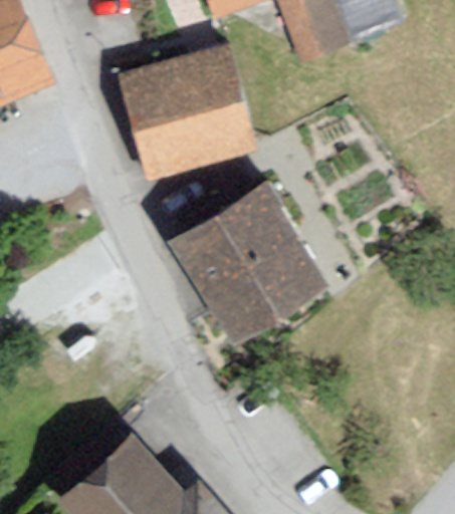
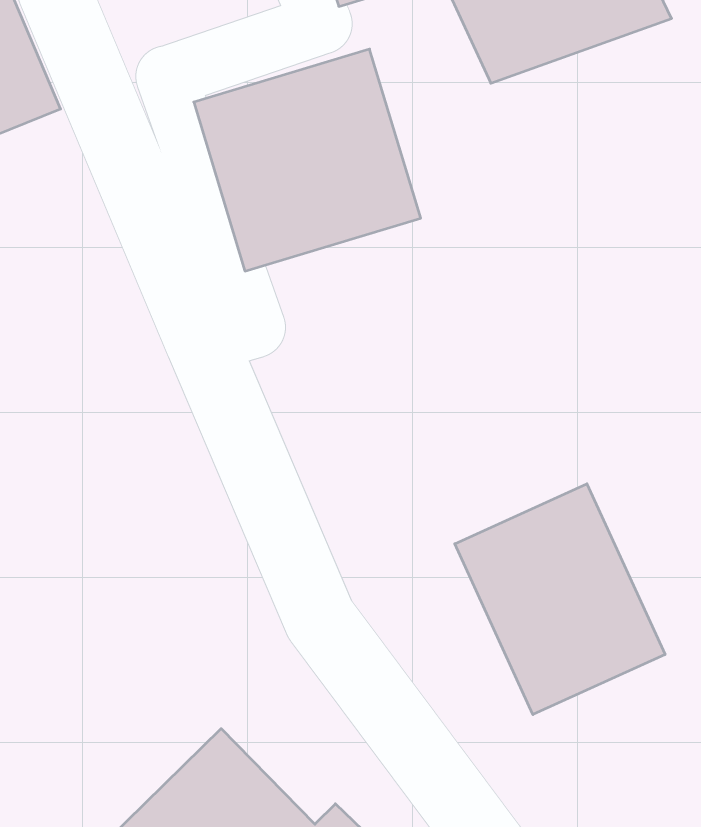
building: [178,189,317,326] -> none
building: none -> [455,484,665,715]

